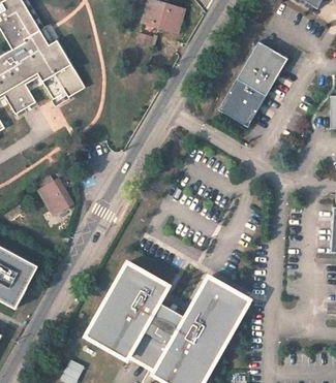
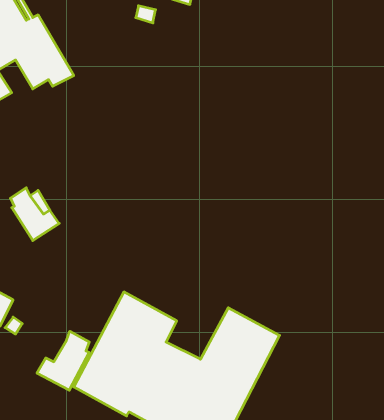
building: [215,39,284,124] -> none
building: none -> [37,331,89,390]

